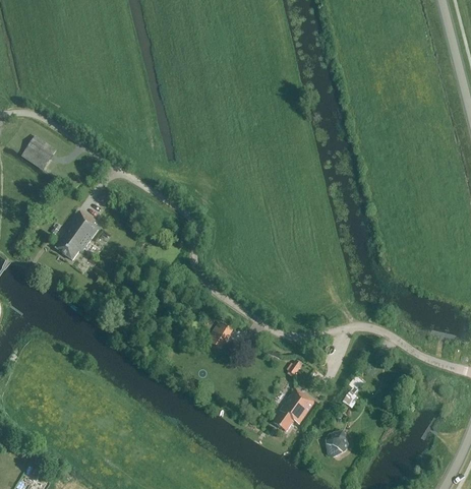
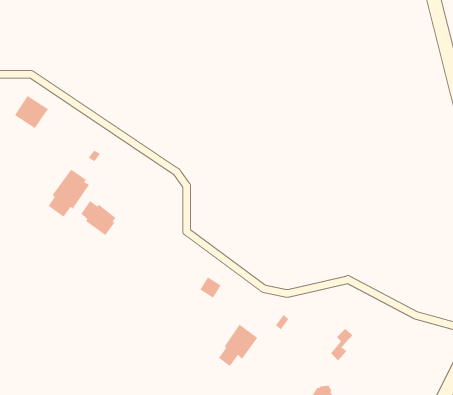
building: none -> [80,200,117,236]
building: [273,387,313,431] -> [218,324,258,367]

